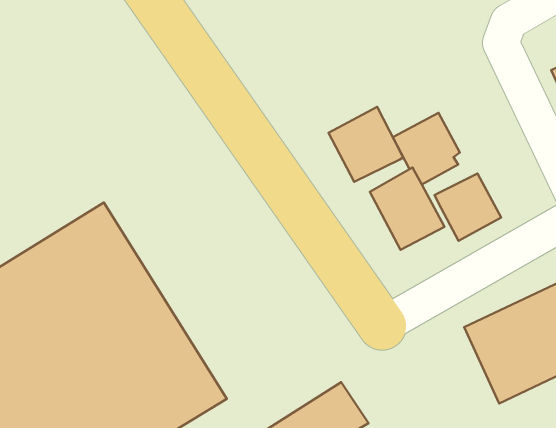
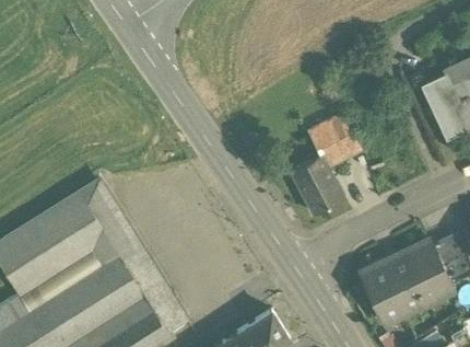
building: [329,107,403,182] -> none
building: [435,174,501,241] -> none

